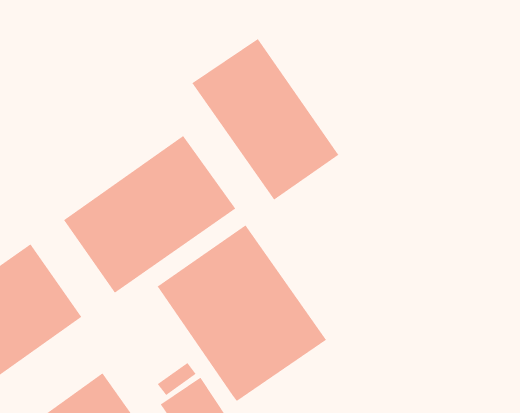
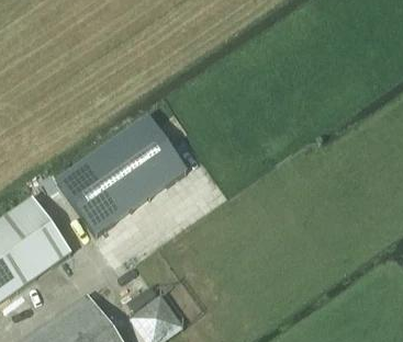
building: [192,38,339,201] -> none
building: [157,224,327,402] -> none

